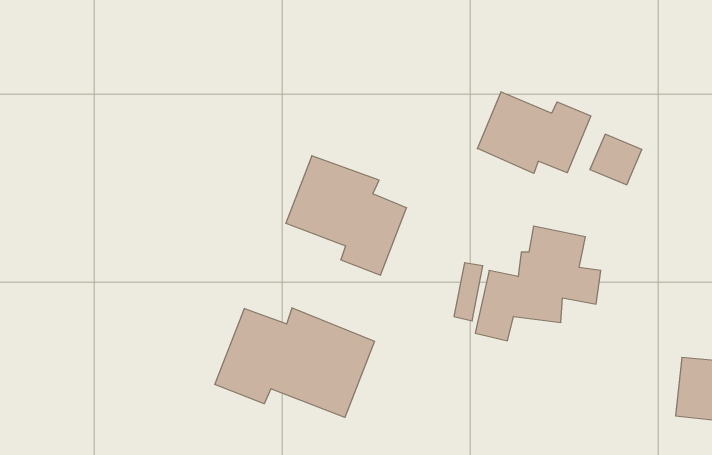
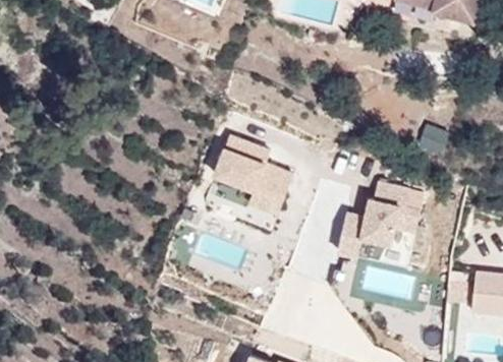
building: [477,92,591,173] -> none
building: [215,308,374,417] -> none

